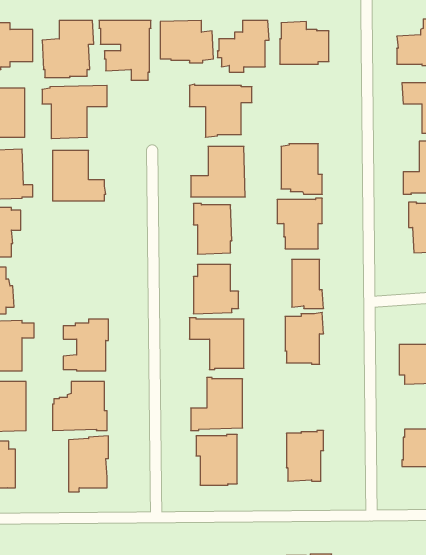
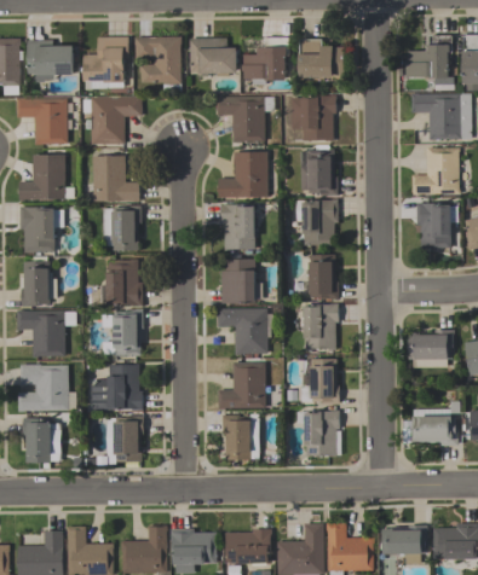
building: none -> [292,94,336,140]
building: none -> [102,204,142,250]
building: none -> [99,259,143,306]
building: none -> [300,358,339,403]

